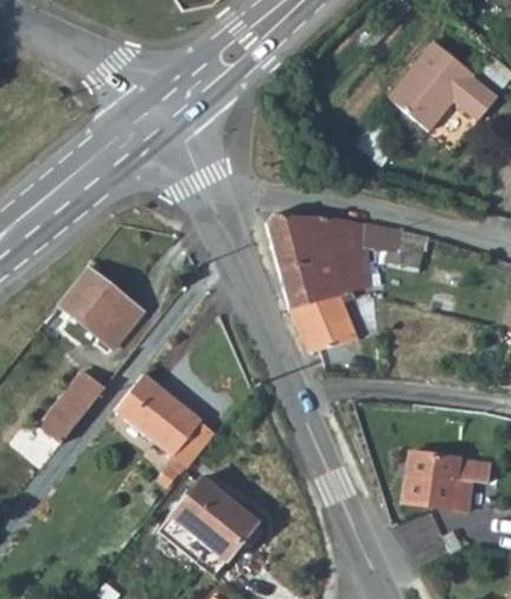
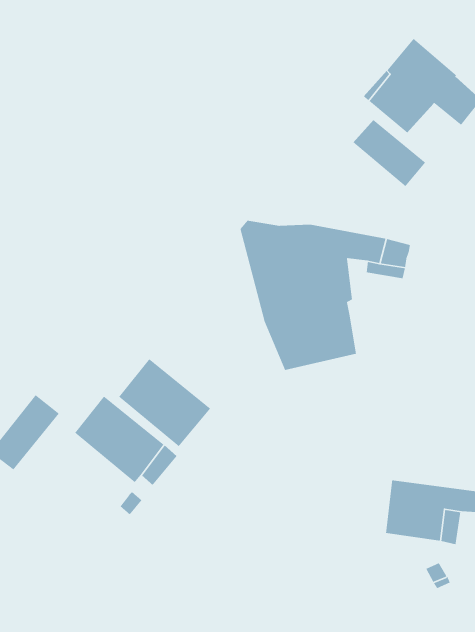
building: none -> [352,119,426,187]
building: [58,268,143,350] -> [118,358,211,447]
building: [159,476,257,574] -> none

